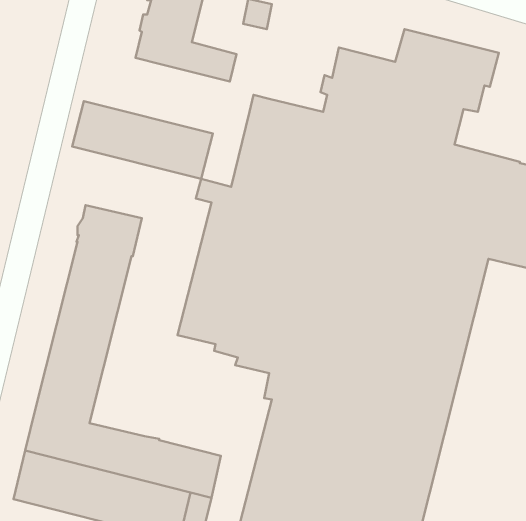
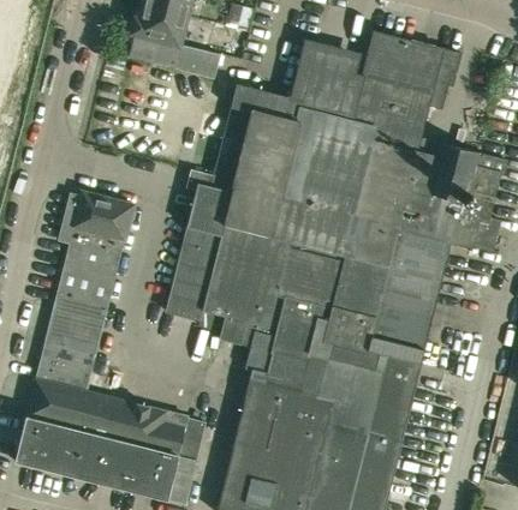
building: [72,101,213,179] -> none

